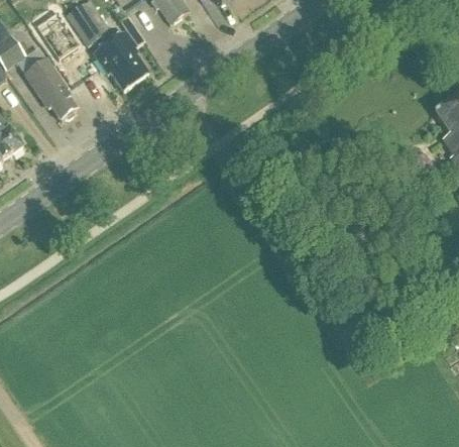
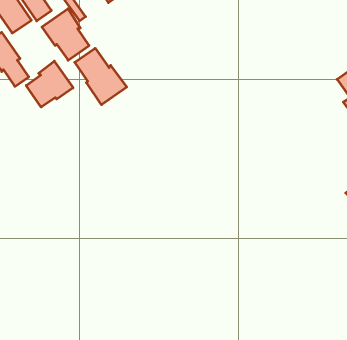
building: none -> [75,48,127,105]
building: none -> [26,61,73,107]

